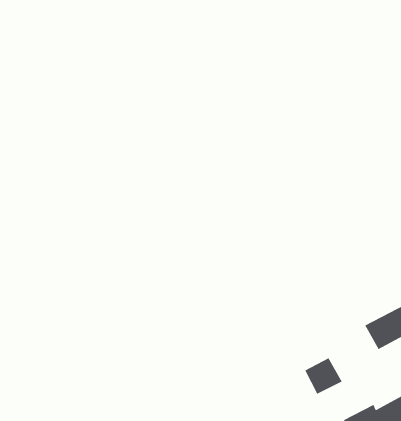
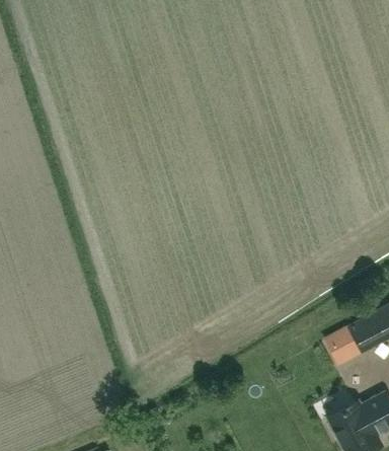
building: [304,357,343,395] -> [326,326,363,362]

